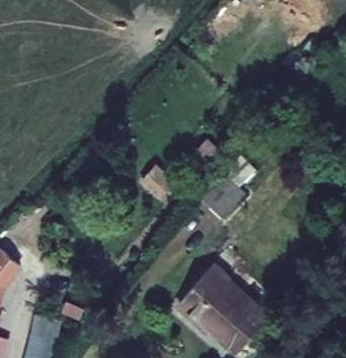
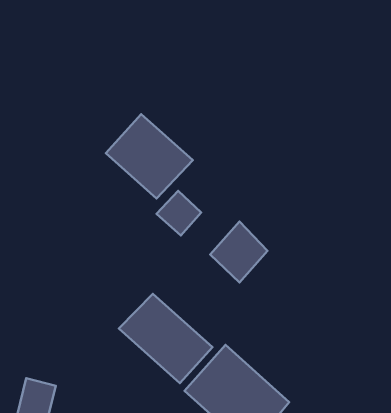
building: none -> [106,114,193,198]
building: none -> [119,294,212,383]

